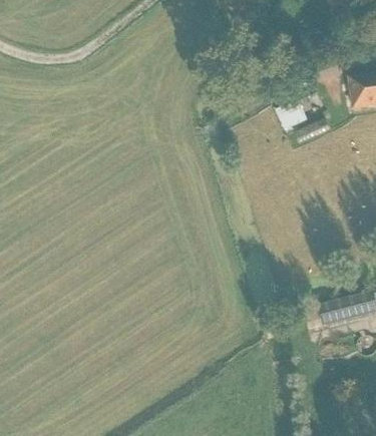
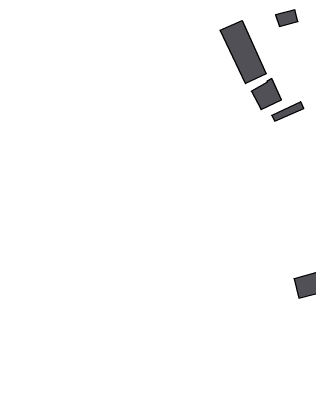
building: none -> [220,21,266,84]

